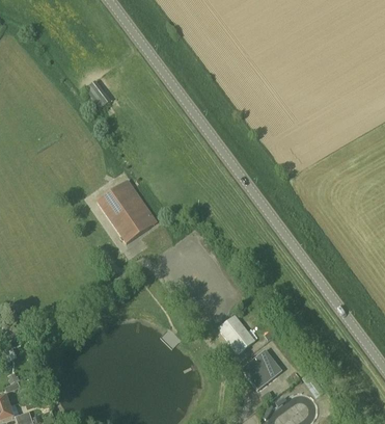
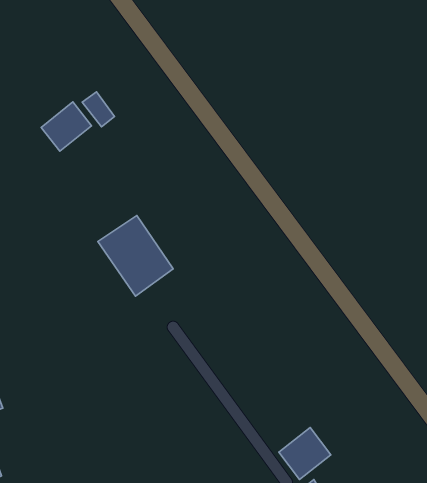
building: none -> [41,102,92,151]
building: [218,315,254,353] -> none

